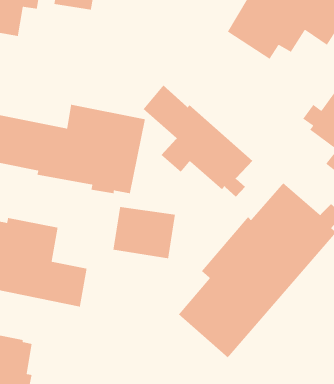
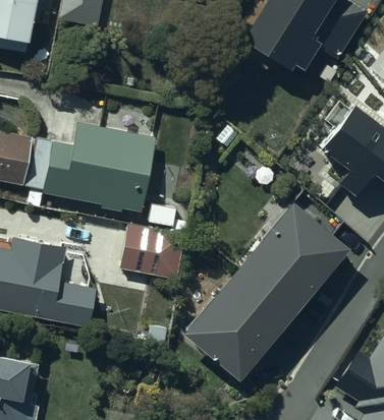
building: [142,85,253,198] -> none

